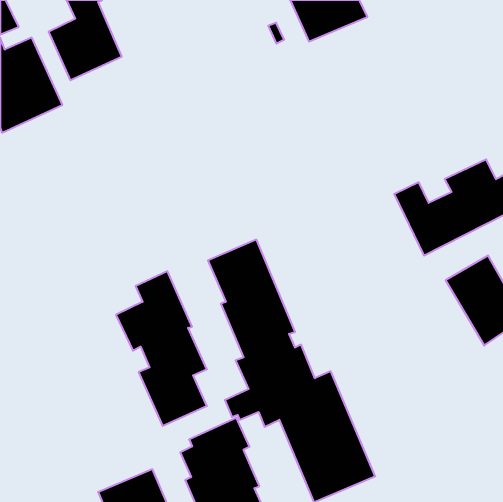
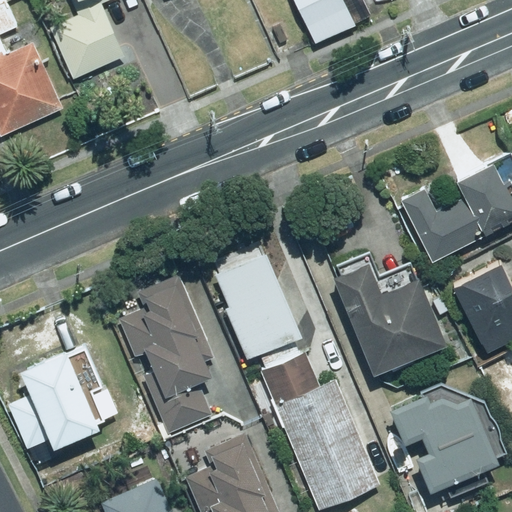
building: none -> [333,265,445,374]
building: none -> [9,352,106,449]
building: none -> [389,391,494,489]

